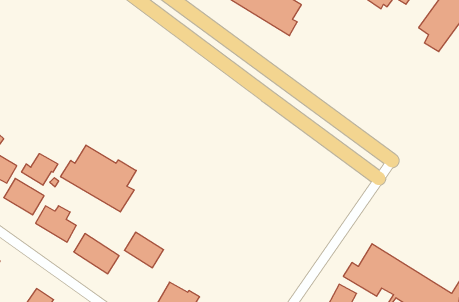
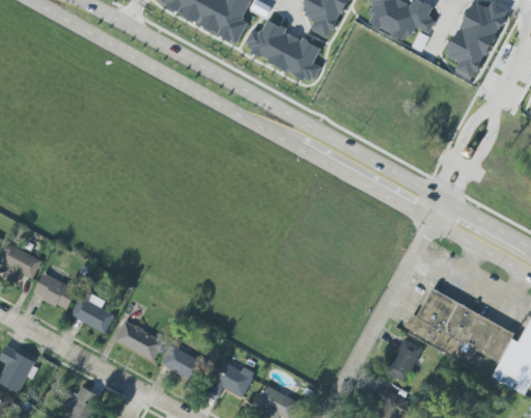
building: [61,145,136,212] -> none
building: [22,154,58,185] -> none
building: [124,232,164,268] -> [161,346,202,382]

